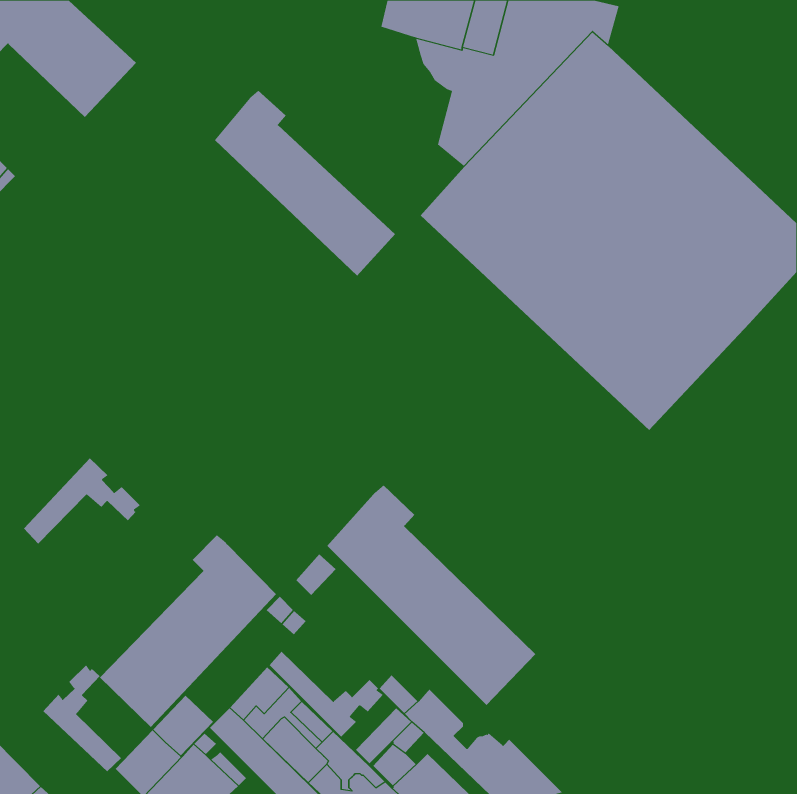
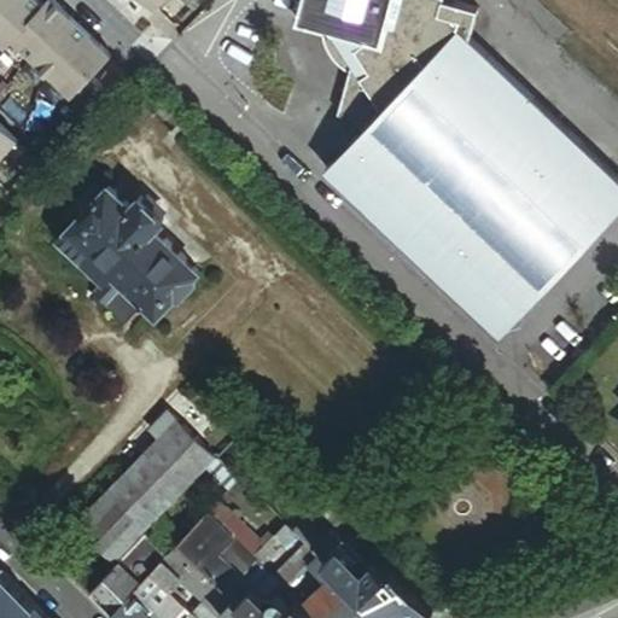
building: [214,90,396,276] -> none
building: none -> [56,192,199,328]
building: [23,458,141,544] -> none
building: [327,485,536,706] -> none
building: [42,665,122,772] -> none

